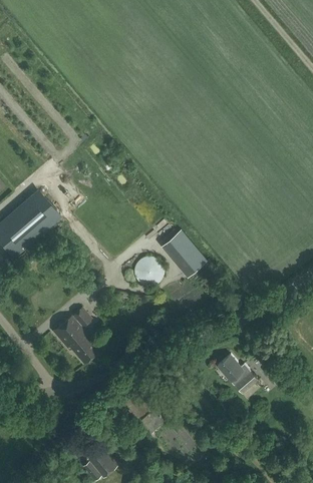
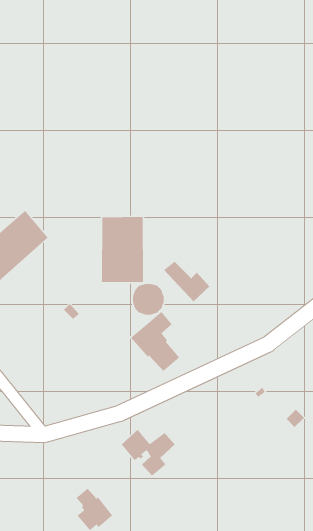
building: none -> [101,216,144,283]
building: [53,308,98,363] -> [130,311,180,372]
building: [217,355,260,399] -> none

